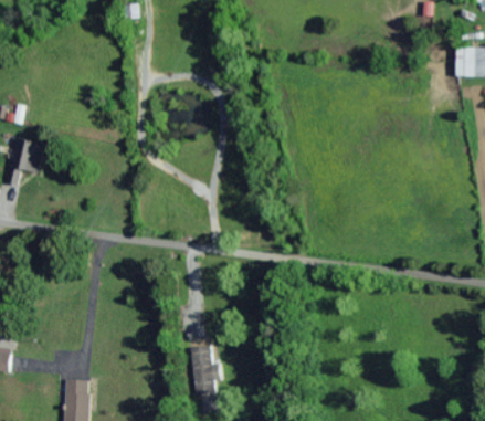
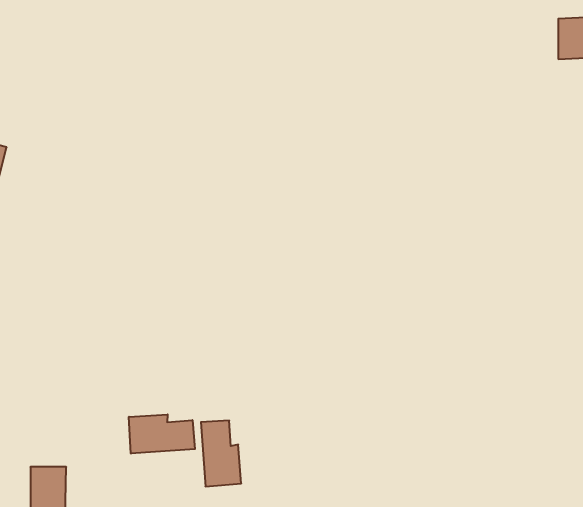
building: none -> [129,414,195,454]

